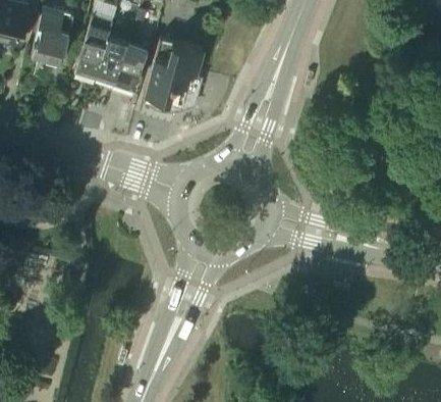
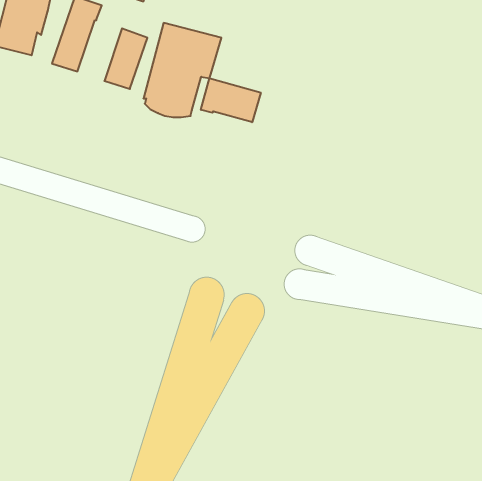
building: [94,37,127,83] -> none
building: none -> [201,78,261,122]

